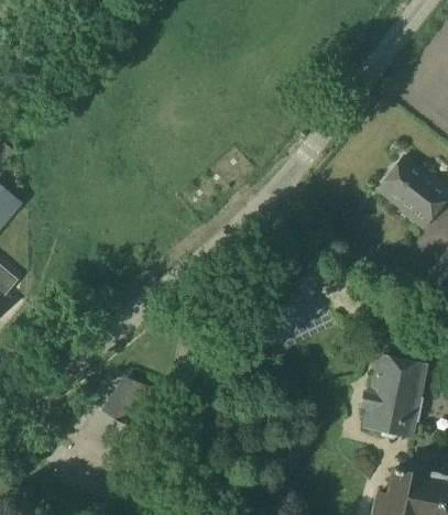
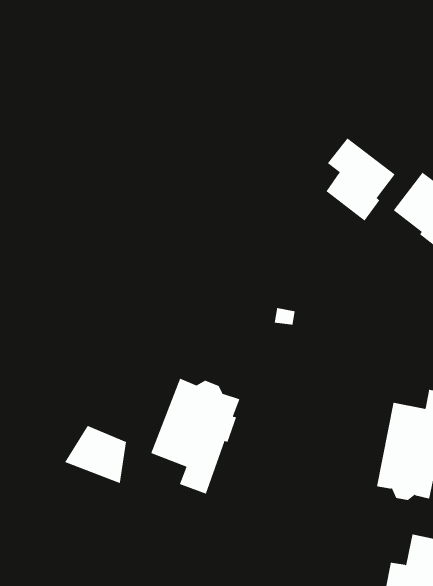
building: none -> [310,137,395,221]
building: none -> [151,378,240,495]

